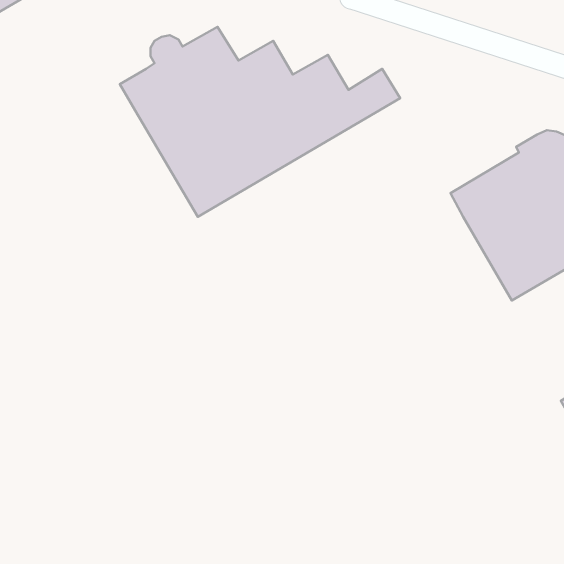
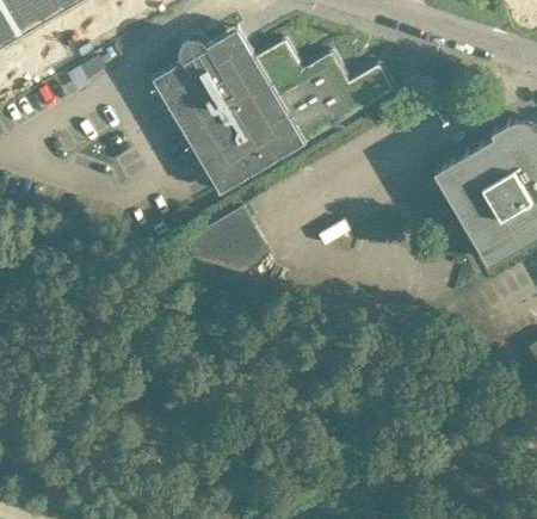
building: none -> [181,209,266,273]

